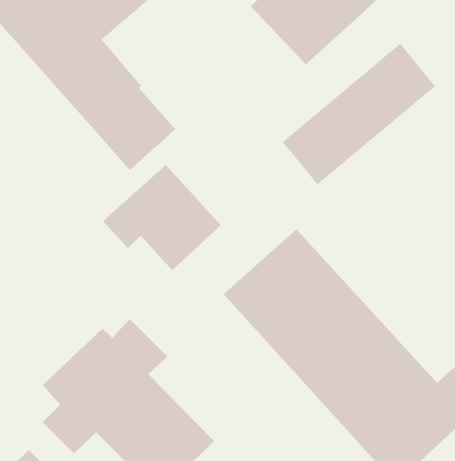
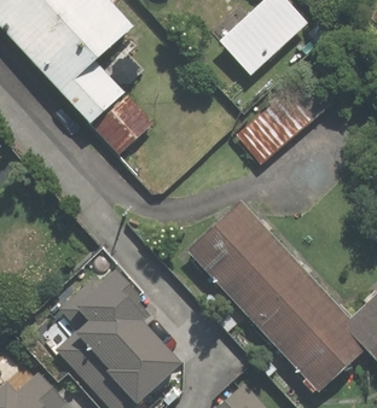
building: [102,164,222,271] -> none

